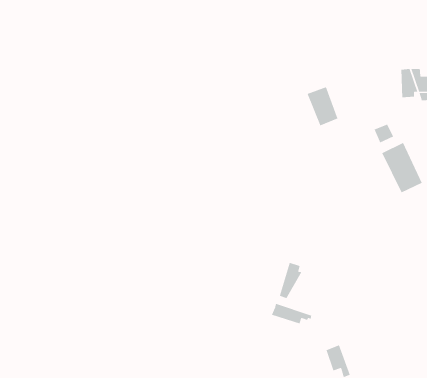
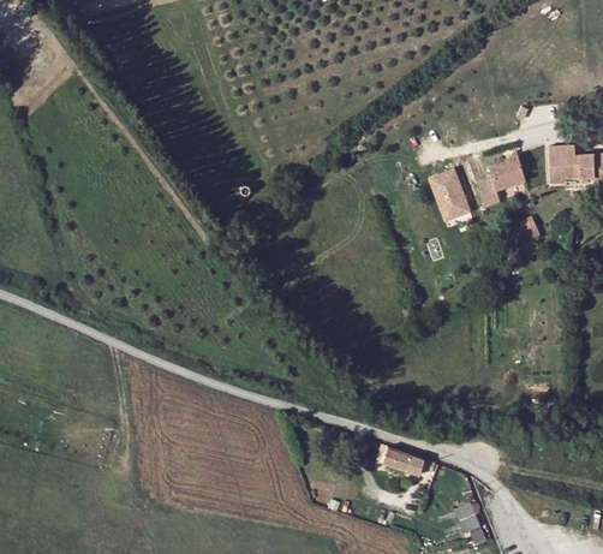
building: none -> [478,154,525,201]
building: [381,142,423,193] -> none
building: [279,262,302,299] -> none

